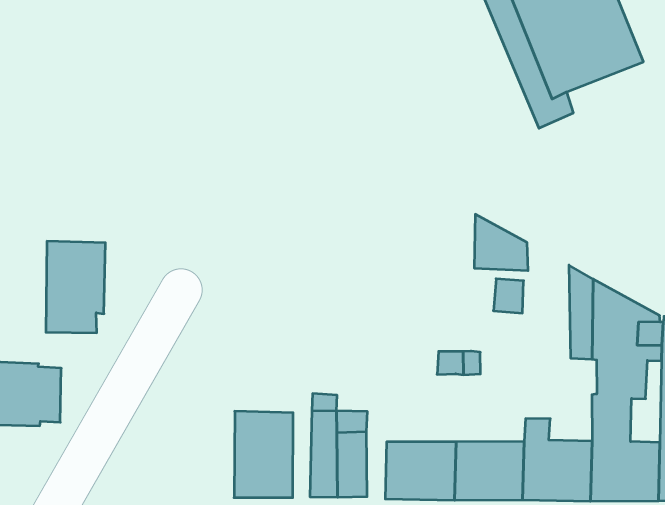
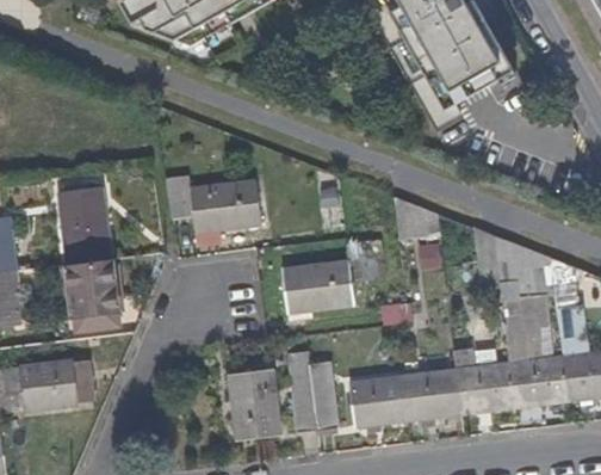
building: none -> [57,185,112,261]
building: none -> [168,174,262,243]
building: none -> [283,239,384,321]

